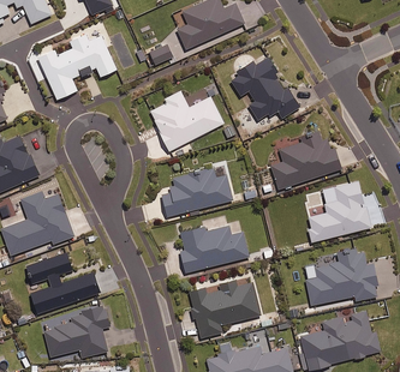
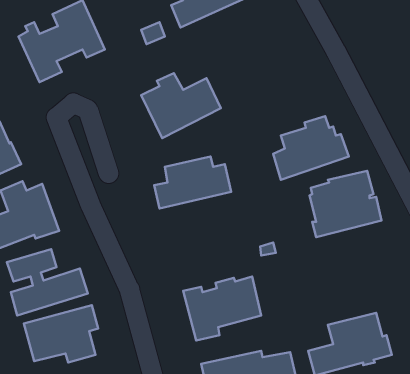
building: [231,56,299,120] -> none
building: [180,226,249,272] -> none
building: [304,251,378,305] -> none

